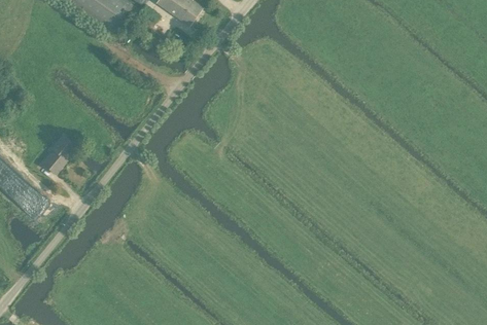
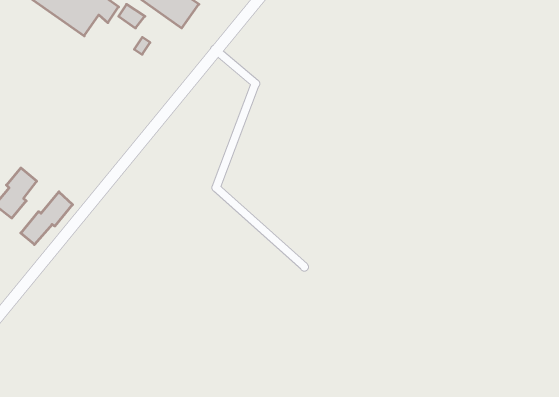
building: none -> [21,192,73,245]

